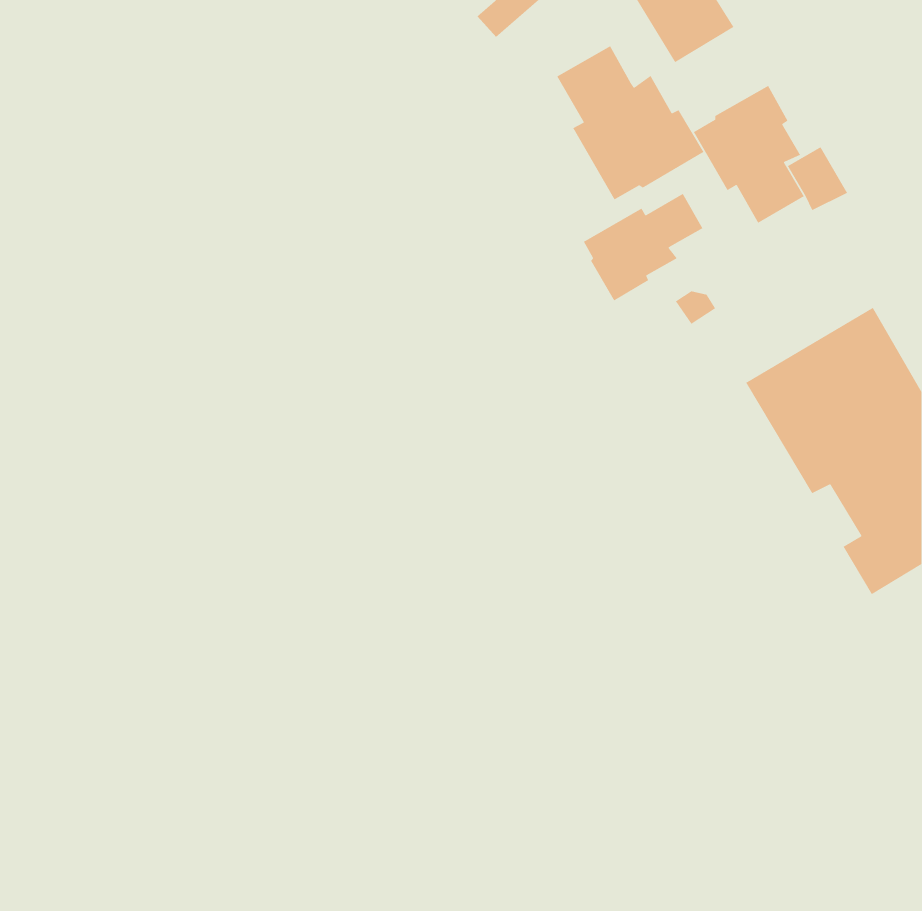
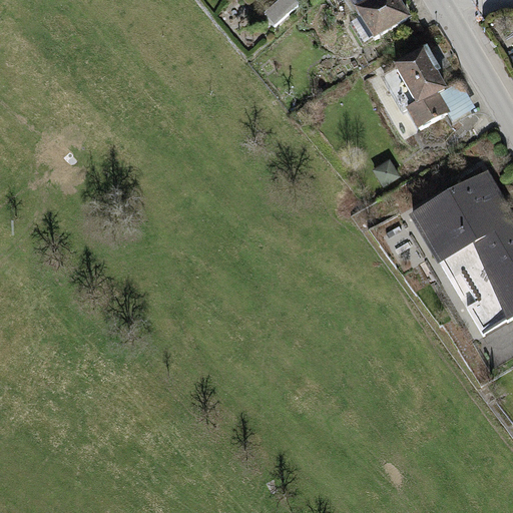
building: [556,45,705,200] -> none
building: [583,193,704,301] -> none

